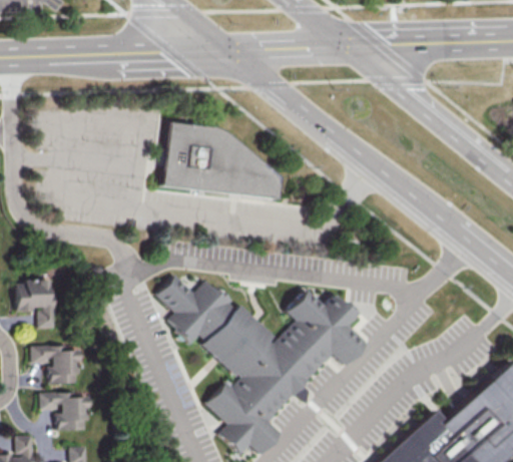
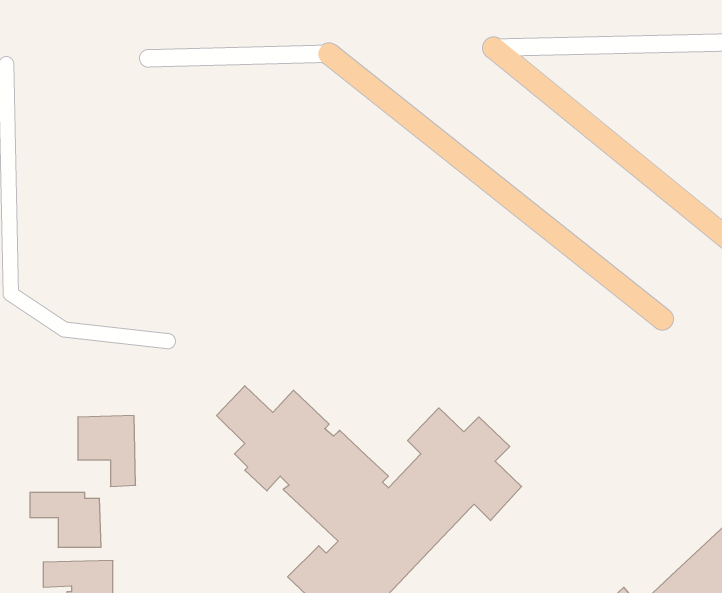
building: [162,122,280,199] -> none
building: [17,281,56,329] -> [78,416,136,487]

